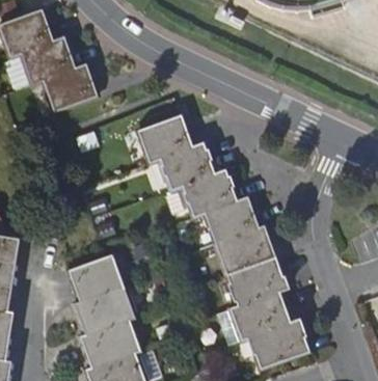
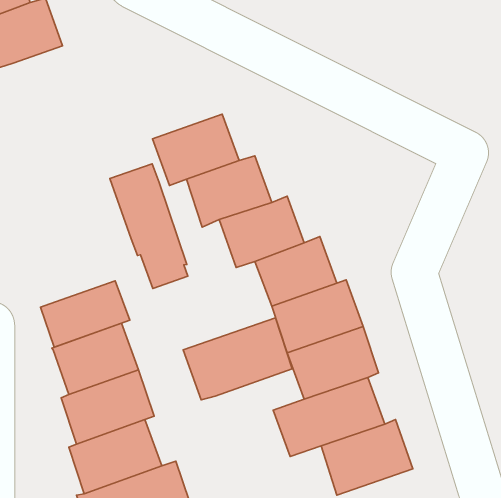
building: [43,64,99,111] -> none
building: none -> [110,164,188,289]
building: none -> [41,281,130,347]
building: none -> [183,318,292,400]

